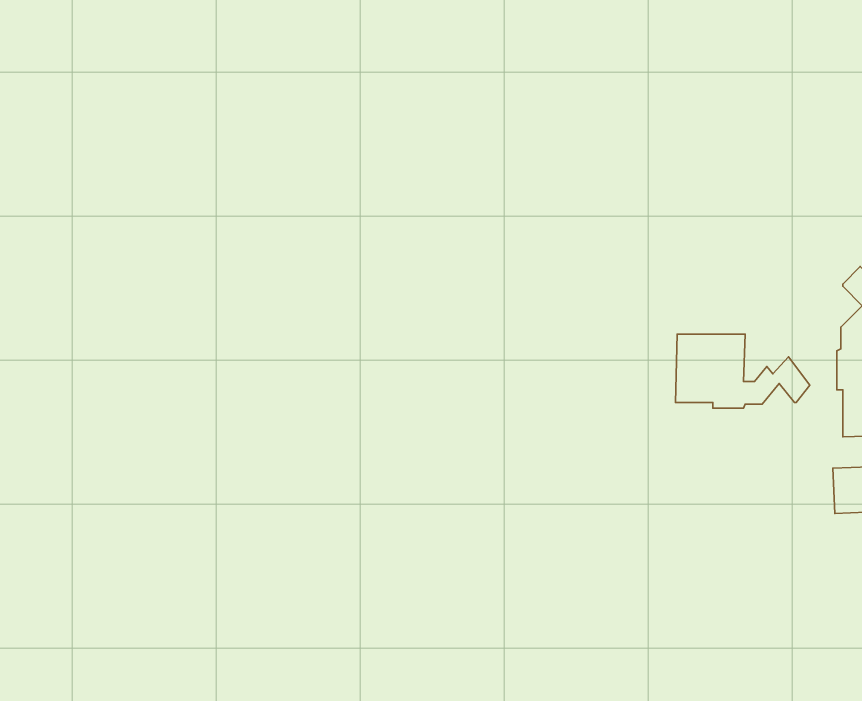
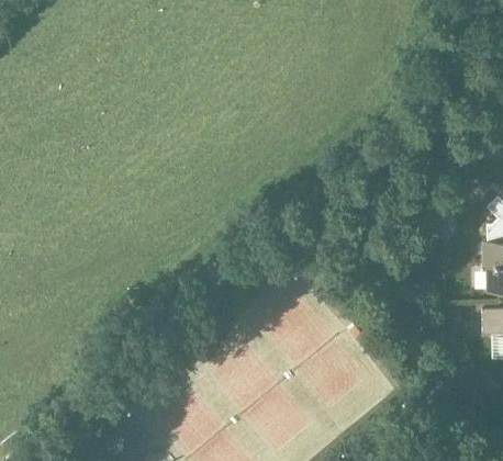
building: [676,334,810,408] -> none

